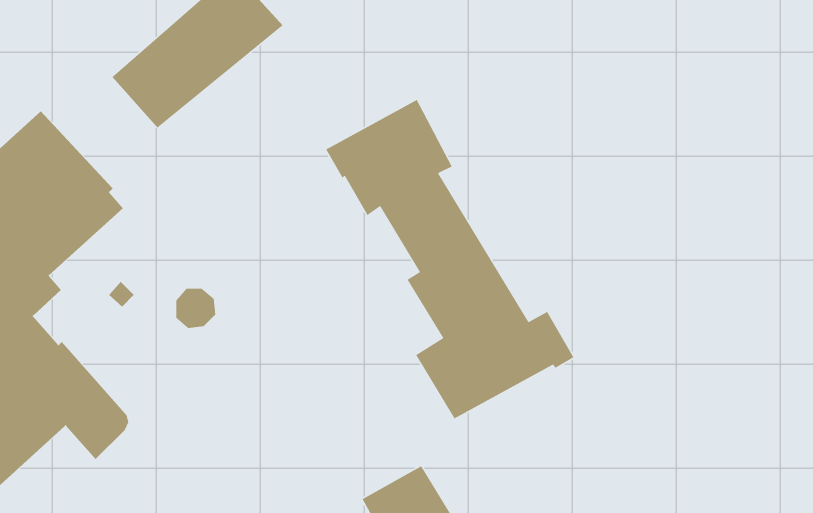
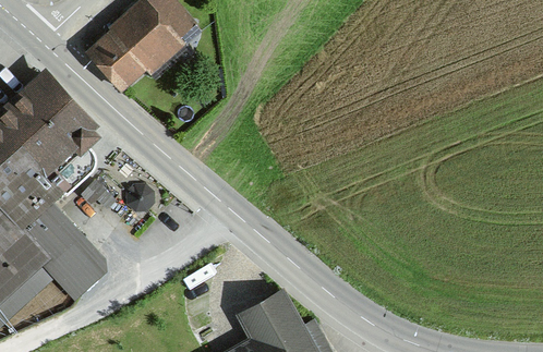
building: [325,99,575,420] -> none

